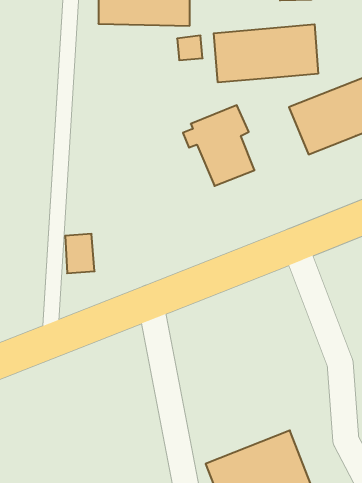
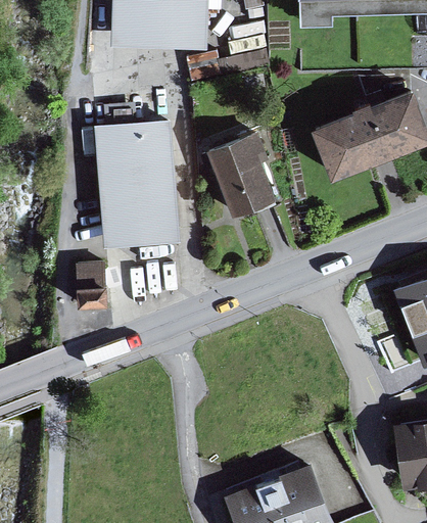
building: [214,24,318,82] -> none
building: none -> [95,120,180,246]

